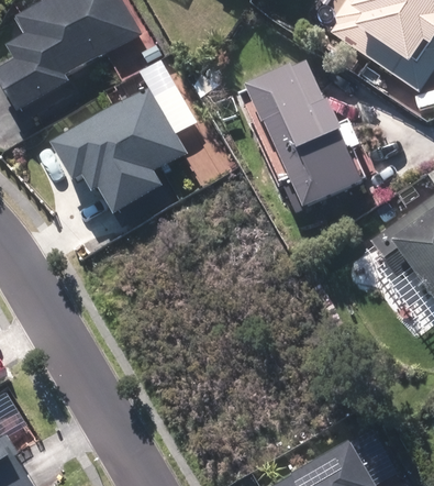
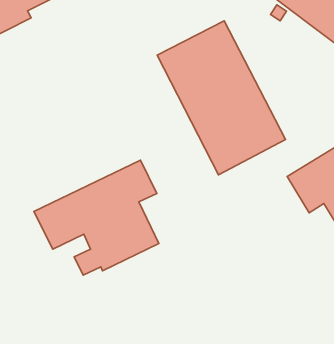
building: [57,84,191,210] -> none
building: none -> [34,160,159,275]

